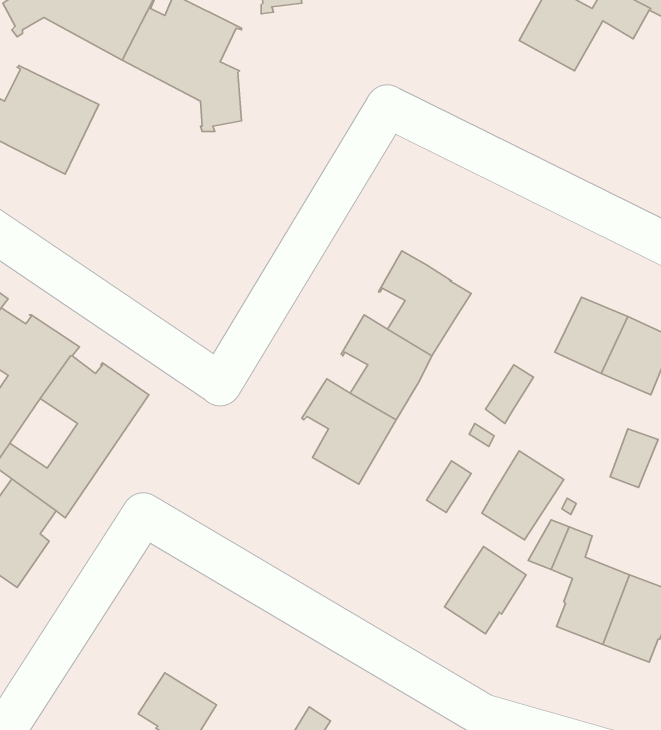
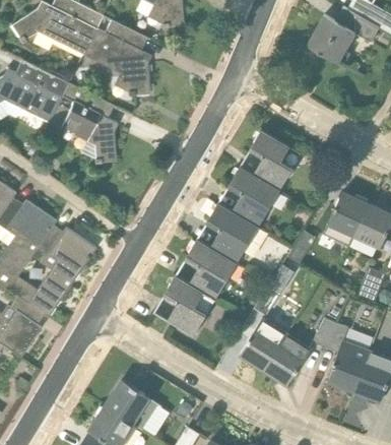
building: none -> [48,82,115,164]
building: none -> [248,130,292,190]
building: none -> [153,275,215,336]
building: [482,451,564,540] -> [240,318,286,369]
building: none -> [105,380,158,430]

